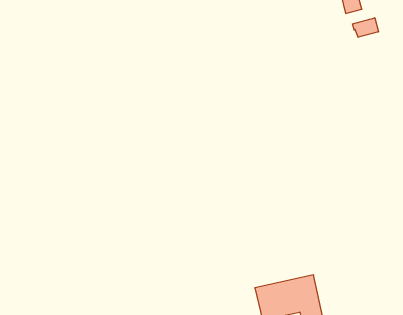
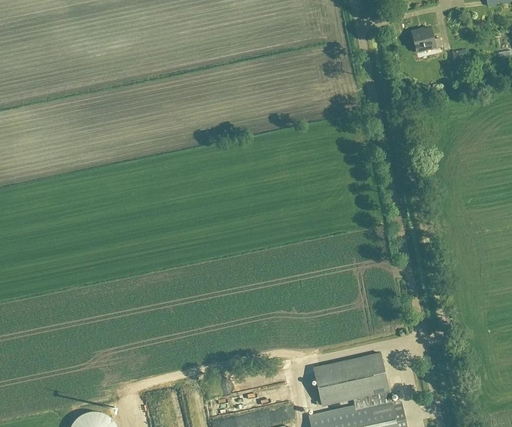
building: [352,18,378,37] -> none

